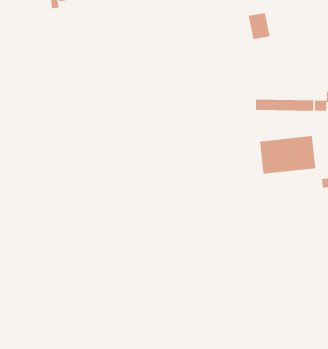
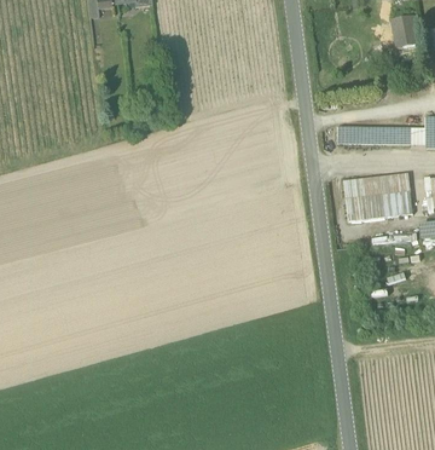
building: [248,12,270,40] -> [391,13,419,47]

